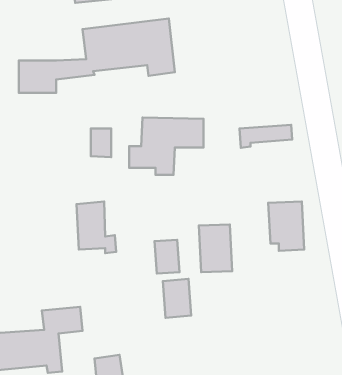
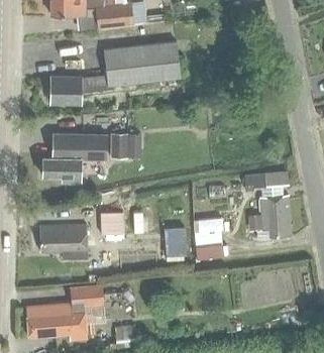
building: [129,117,203,175] -> [43,134,106,183]
building: [240,125,292,148] -> [244,172,289,192]
building: none -> [39,224,87,258]
building: [163,279,191,318] -> none

